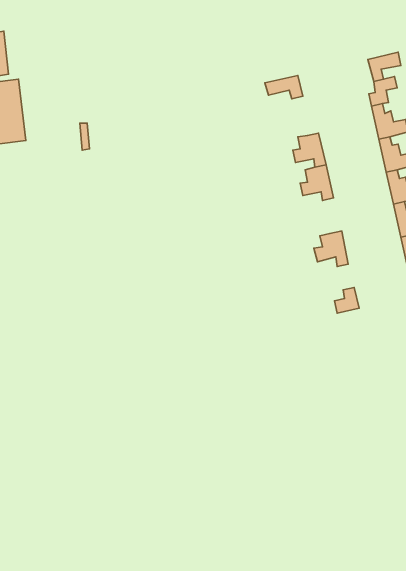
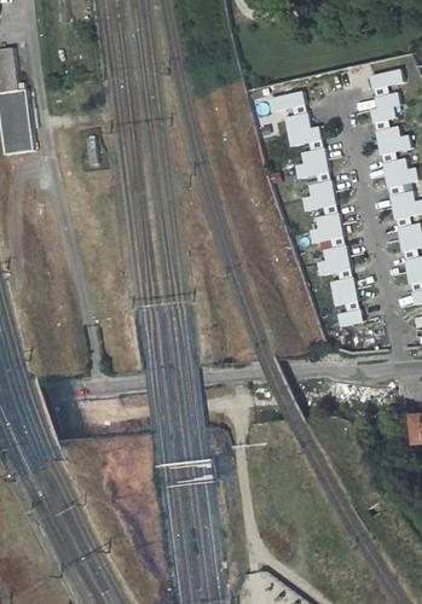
building: none -> [285,111,322,150]
building: none -> [310,211,343,246]
building: none -> [330,277,357,304]

